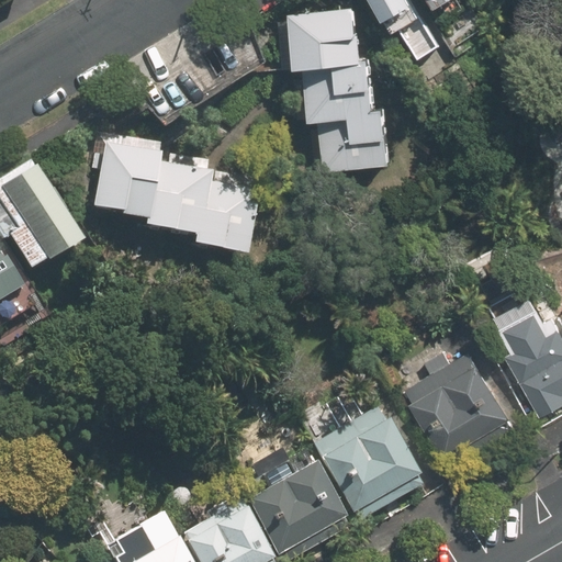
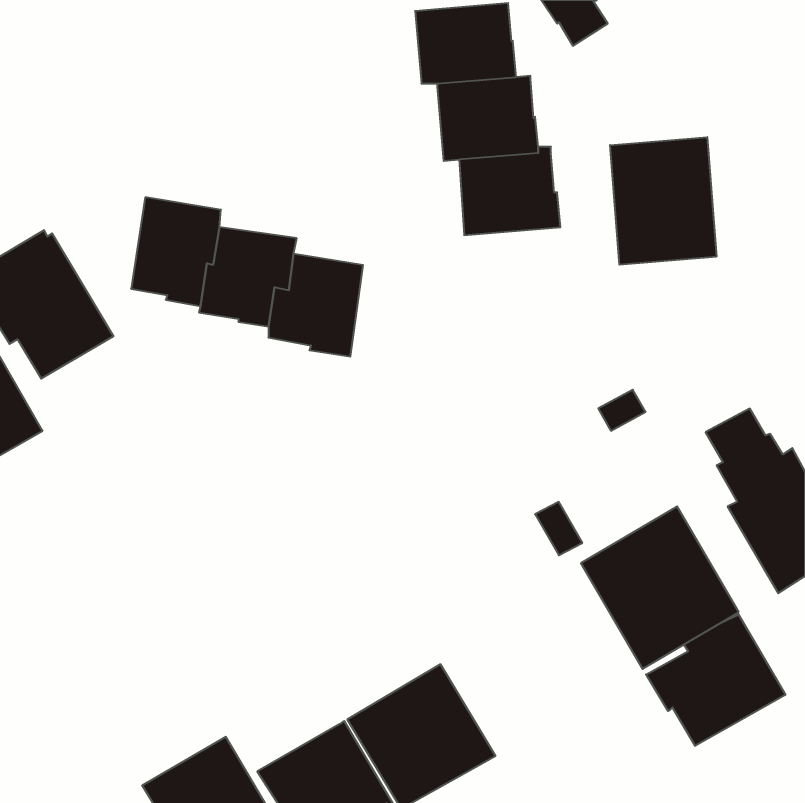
building: none -> [610,137,716,265]
building: [308,407,422,524] -> none
building: none -> [646,614,785,746]

